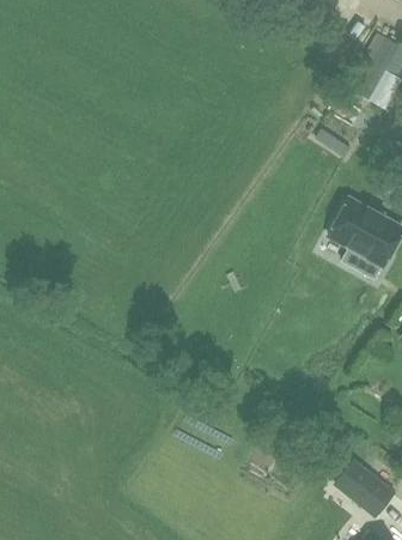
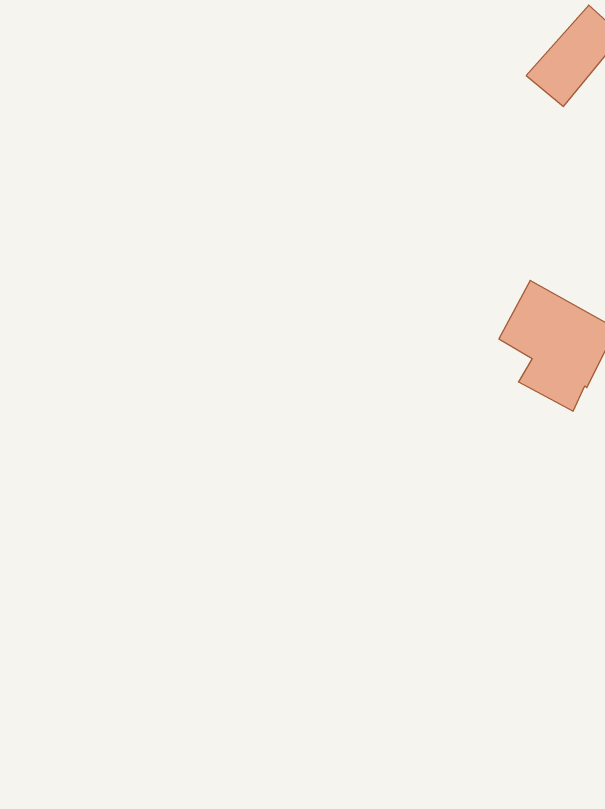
building: [337,463,383,506] -> none

